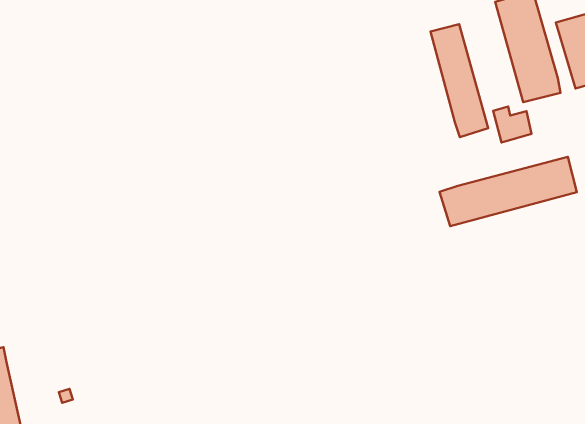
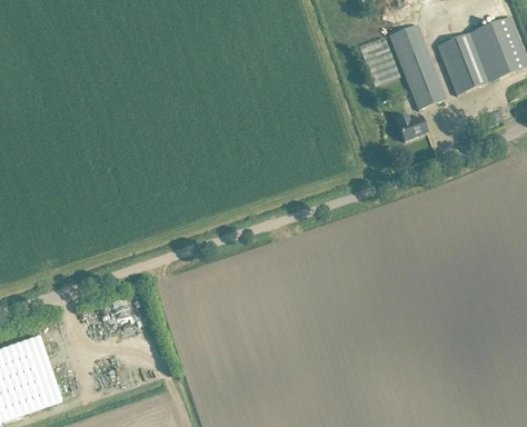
building: [430,24,488,137] -> none
building: [440,157,577,226] -> none

